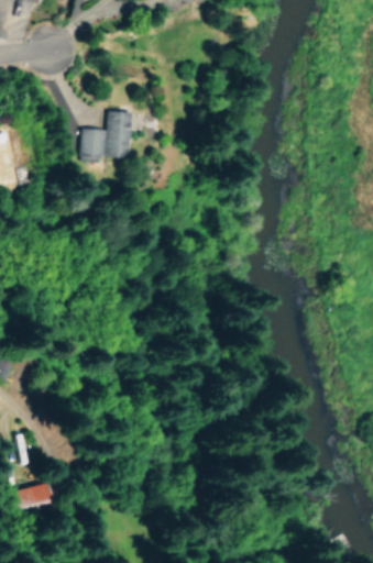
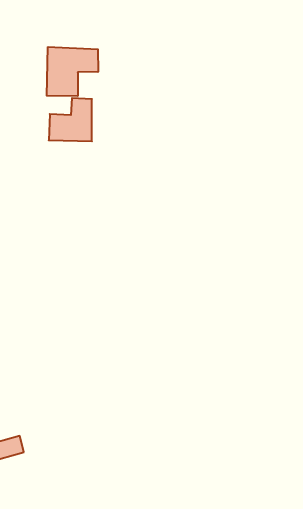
building: none -> [47,47,98,96]

